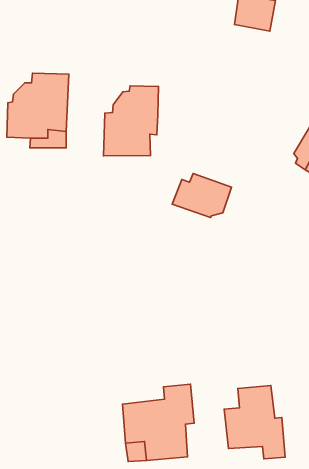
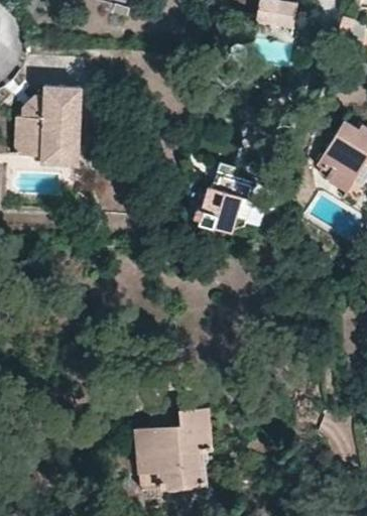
building: [104,86,158,156] -> none
building: [224,385,285,459] -> none

